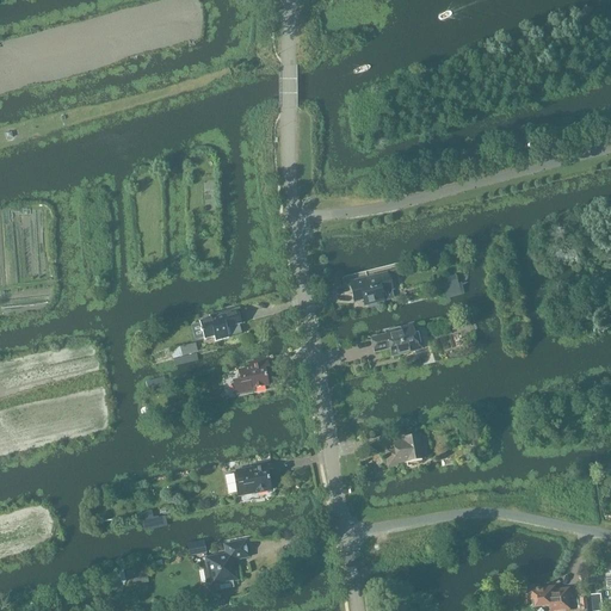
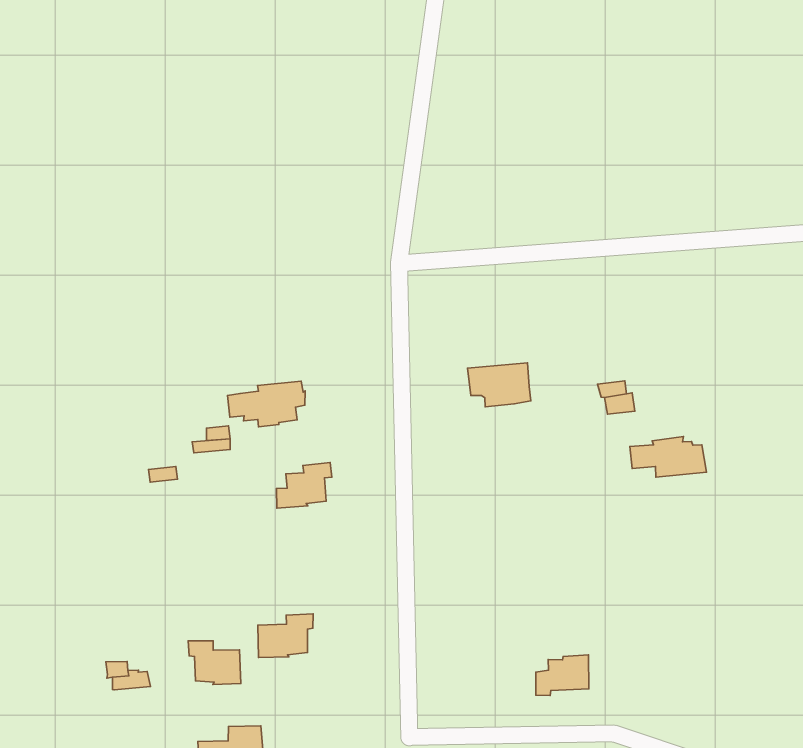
building: [371,326,425,356] -> [630,437,707,477]
building: [385,434,422,467] -> [536,655,589,696]
building: none -> [188,641,241,684]

